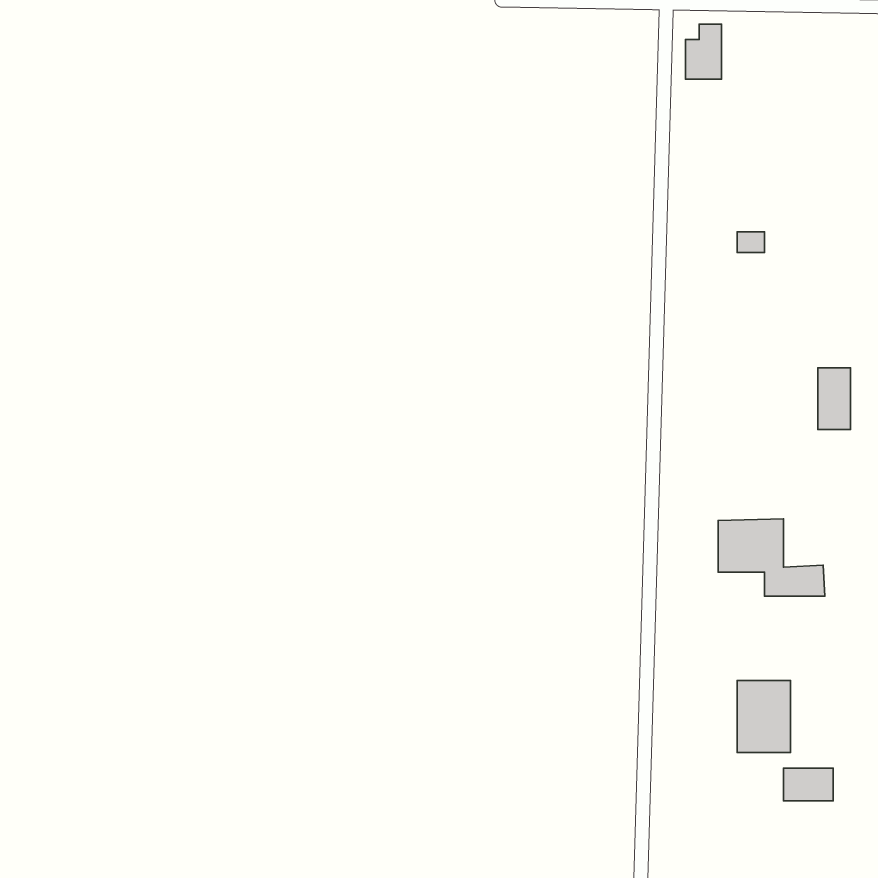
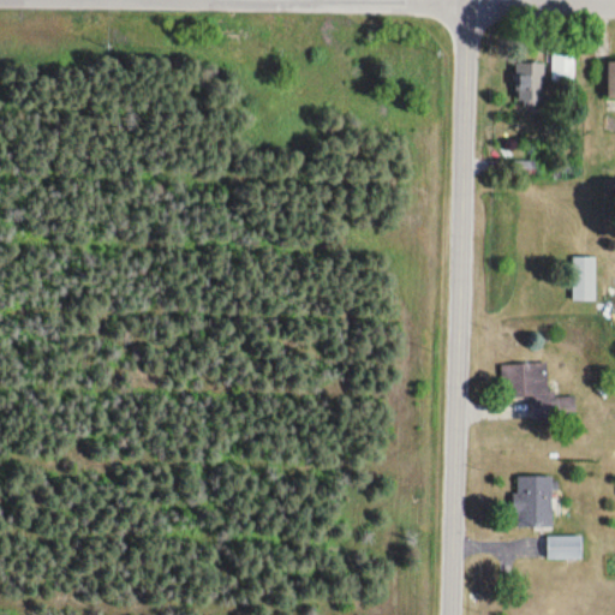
building: [685,24,722,79] -> [520,65,545,103]
building: none -> [551,54,575,89]

